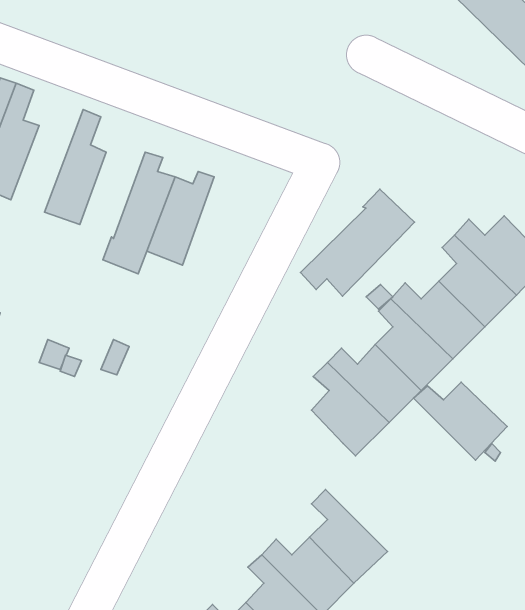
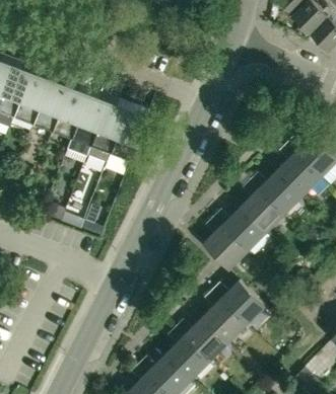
building: none -> [30,70,72,132]
building: none -> [70,84,112,147]
building: [301,189,415,296] -> none
building: [413,382,507,460] -> [211,282,265,326]

